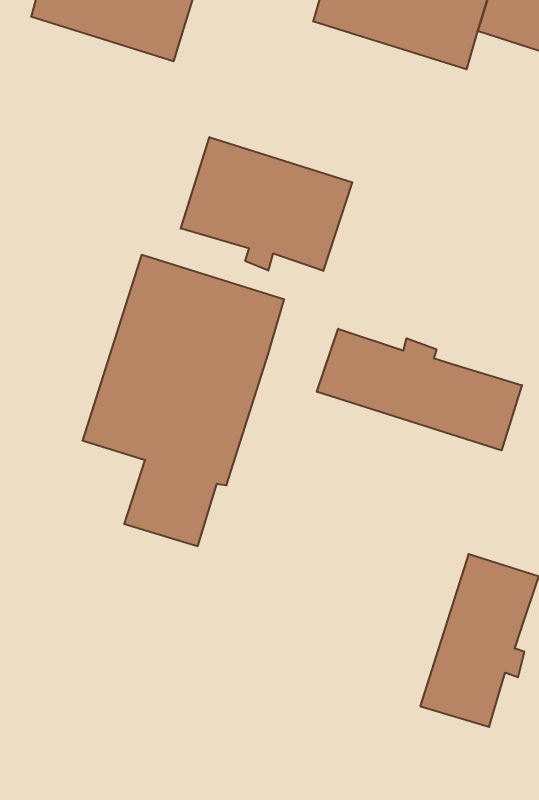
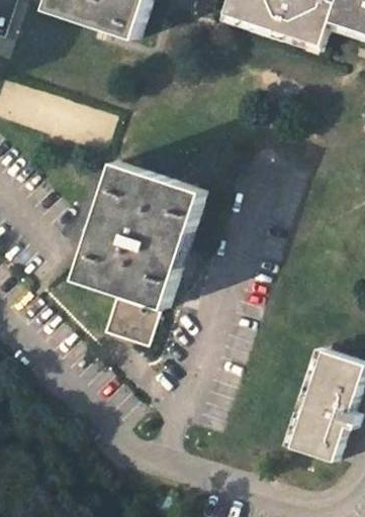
building: [181,137,352,271] -> none
building: [317,329,522,450] -> none

